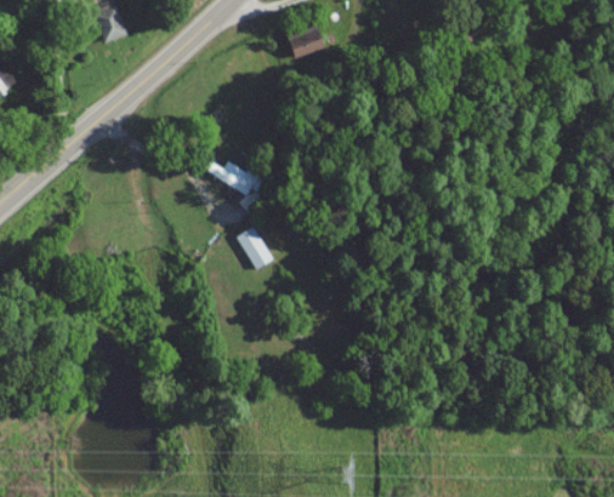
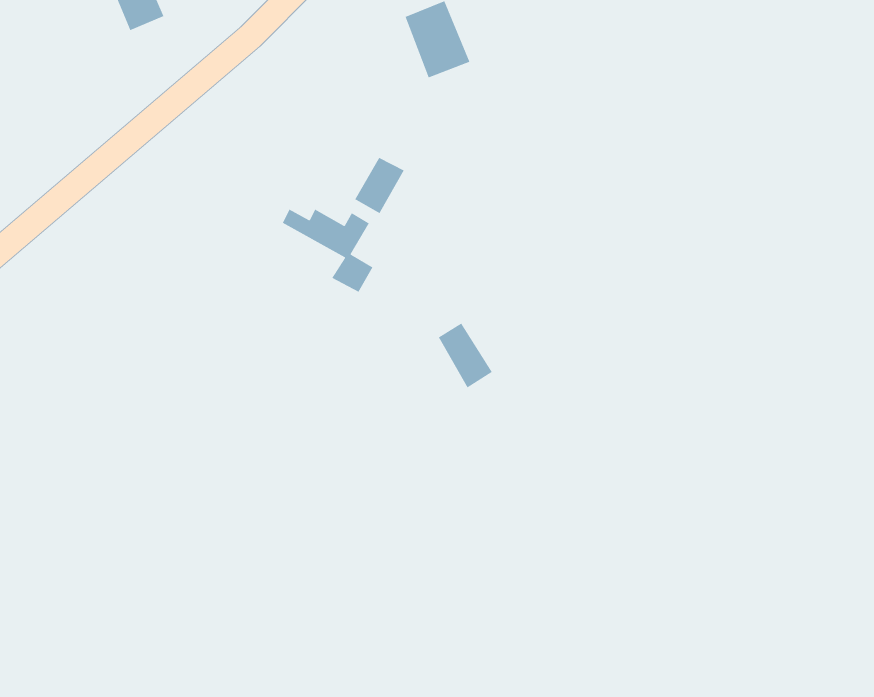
building: none -> [354,157,405,214]
building: [237,225,273,269] -> [438,323,493,388]

